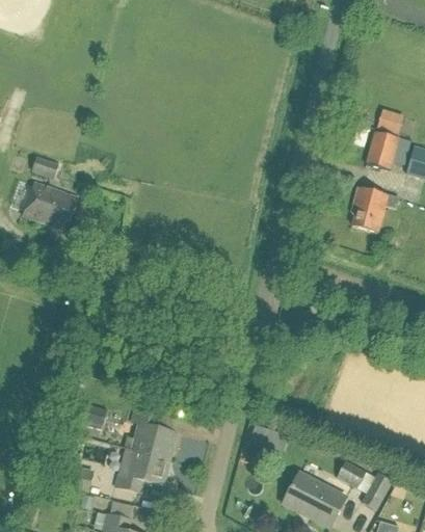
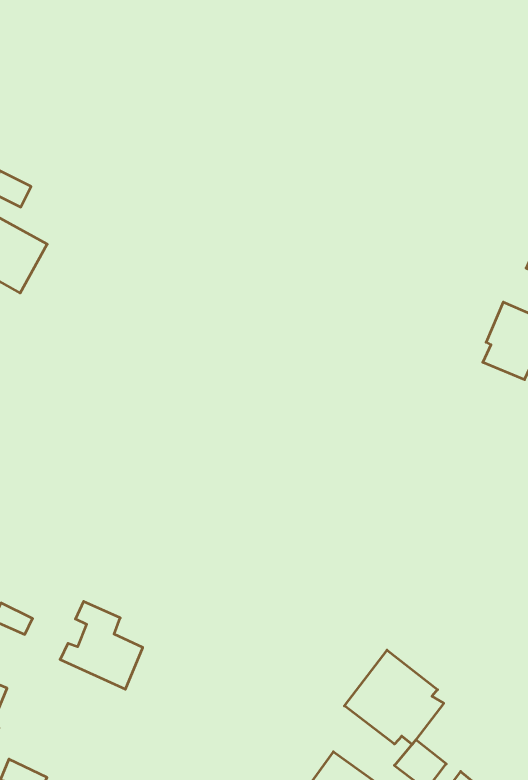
building: none -> [344,650,444,745]
building: [112,446,167,491] -> none

